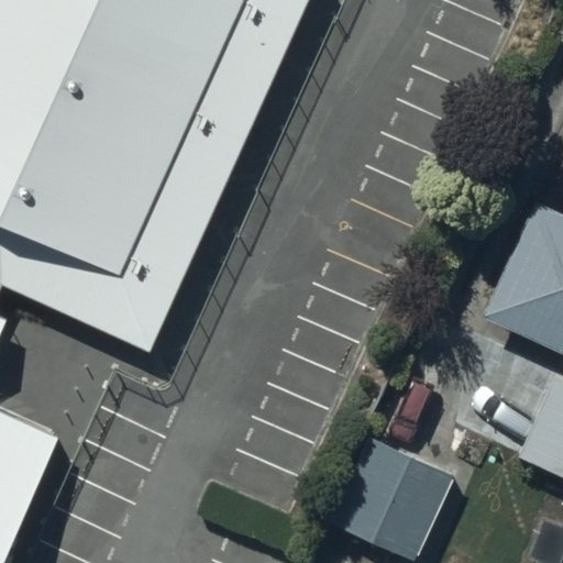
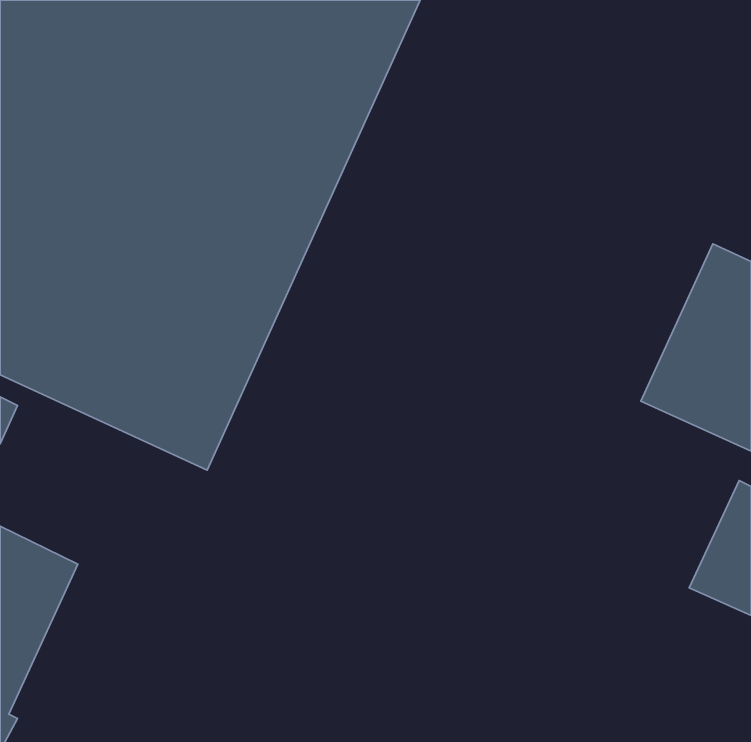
building: [327,431,451,555] -> none

